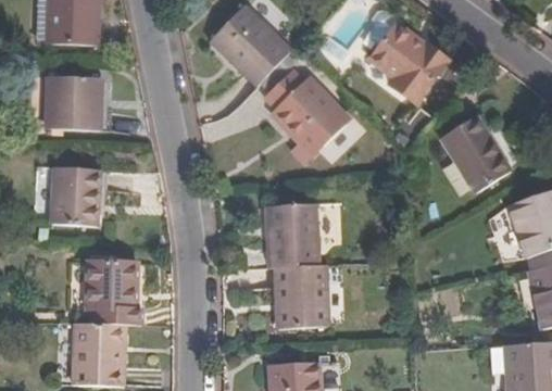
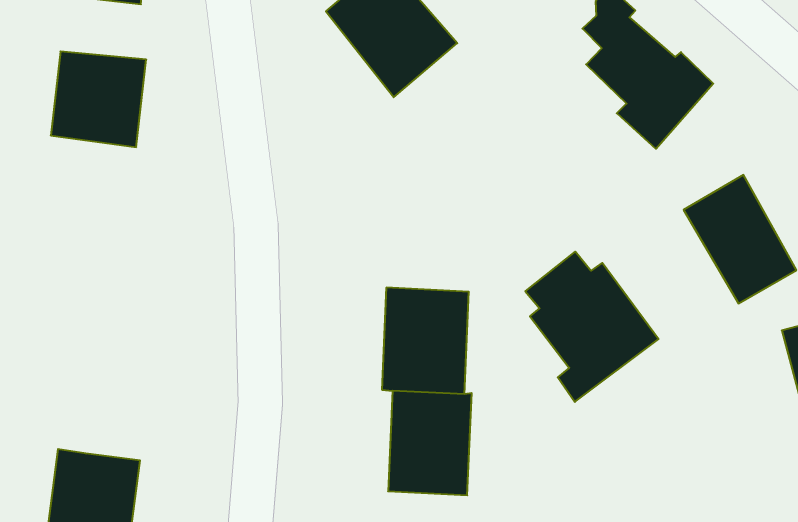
building: [267,71,352,163] -> [525,252,659,402]
building: [49,166,100,226] -> none
building: [83,260,137,324] -> none

